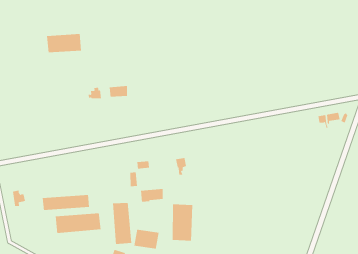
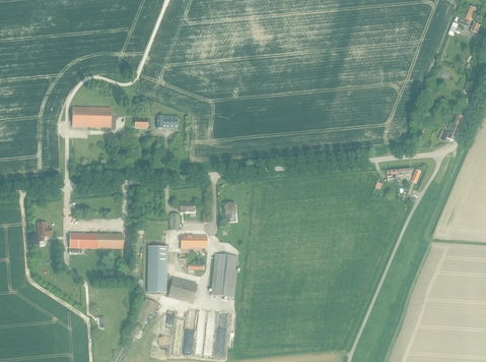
building: [46,34,82,53] -> [72,107,111,127]
building: [55,212,101,234] -> none

